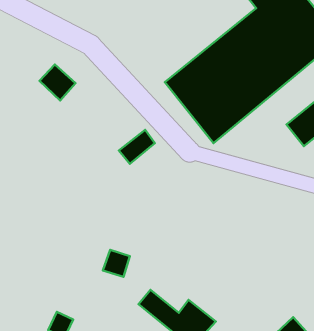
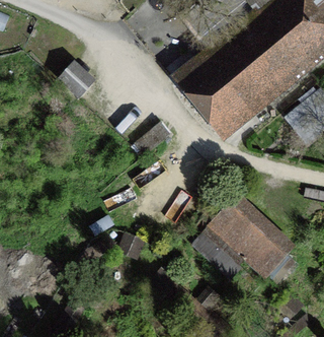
building: none -> [193,194,296,278]

